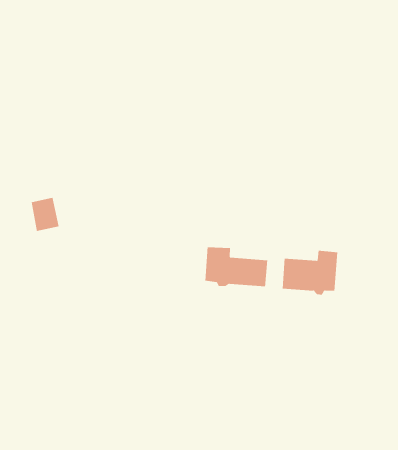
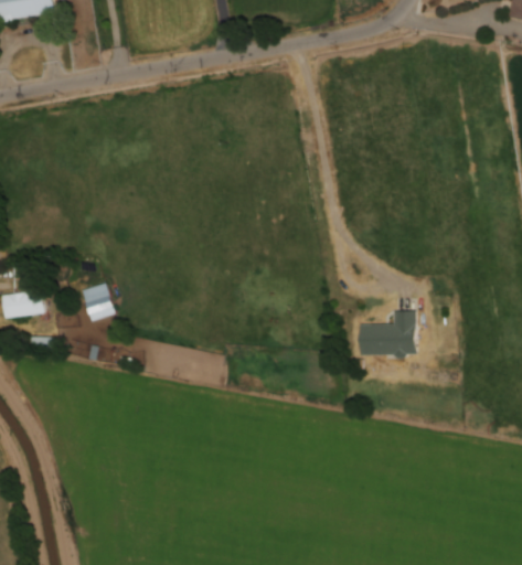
building: [205,246,268,287] -> none

